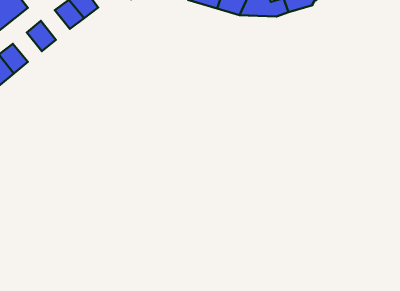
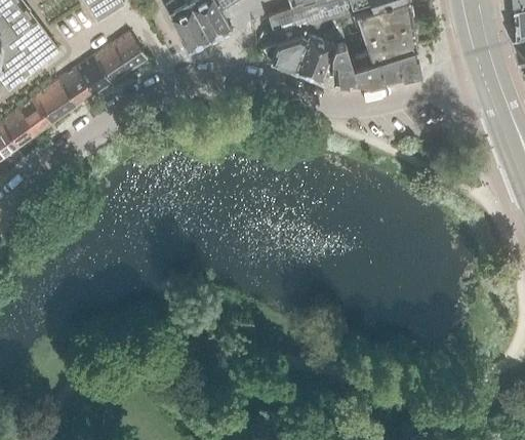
building: none -> [73,58,109,95]
building: none -> [36,84,72,121]

